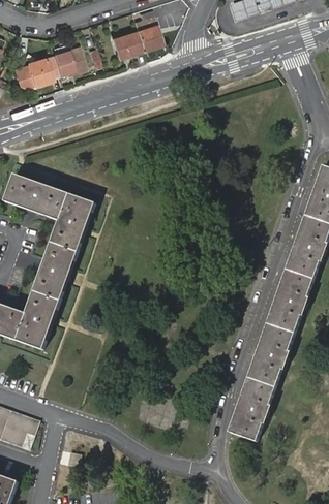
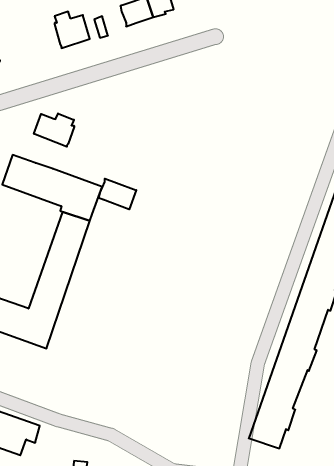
building: [26,55,57,84] -> none
building: none -> [34,113,74,147]
building: none -> [99,179,136,209]

